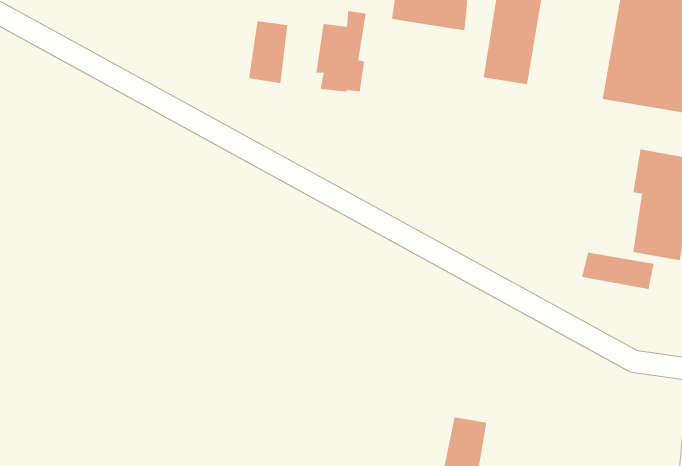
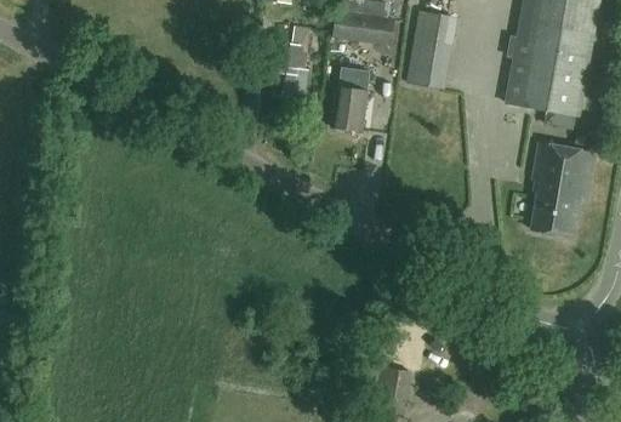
building: [249,20,288,84] -> none
building: none -> [330,68,369,130]
building: [581,252,654,290] -> none

